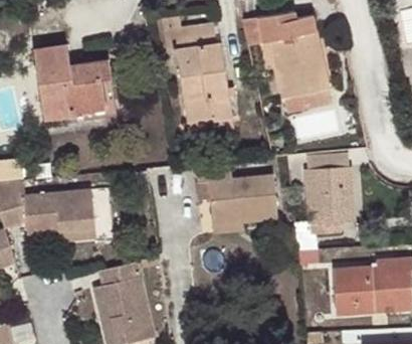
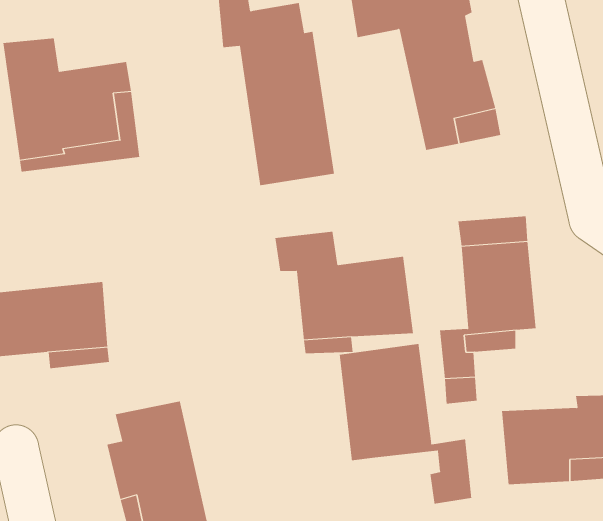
building: none -> [339,343,472,504]

